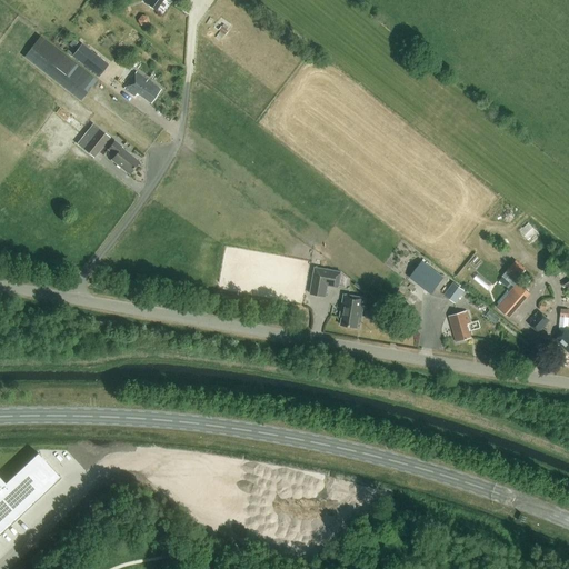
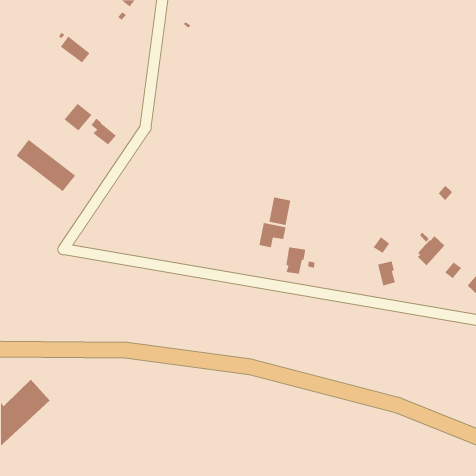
building: [24,36,97,99] -> [15,139,76,192]
building: [126,71,161,102] -> none
building: none -> [268,196,291,226]
building: [411,260,445,293] -> none

